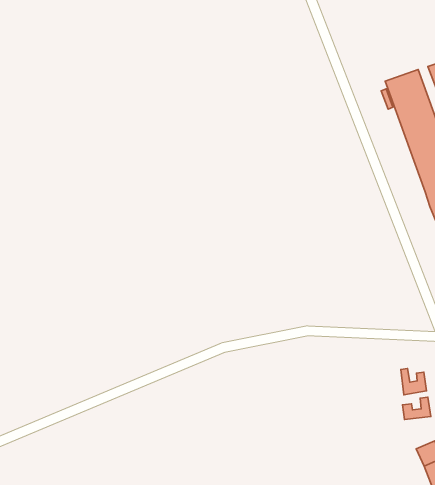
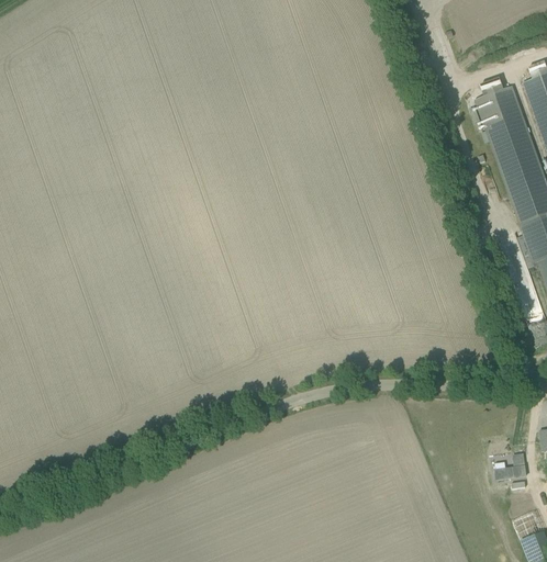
building: [401,368,426,395] -> none

